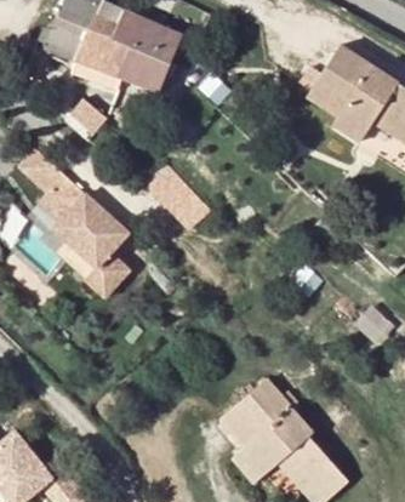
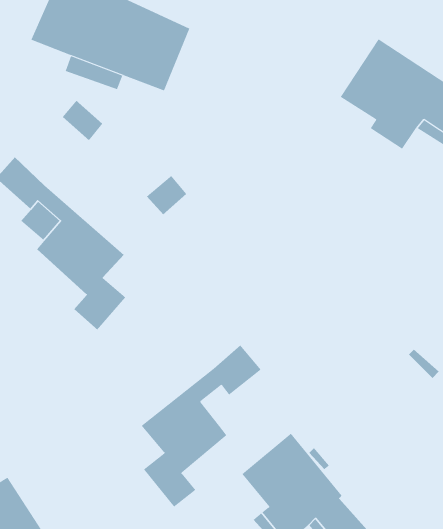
building: [158,178,207,230] -> none
building: none -> [141,344,262,508]

